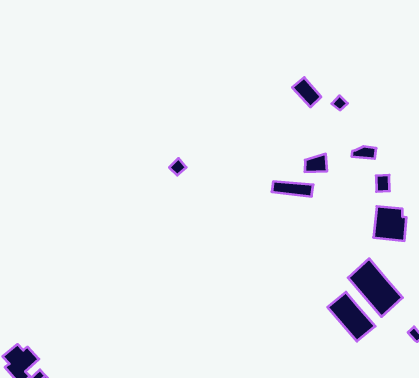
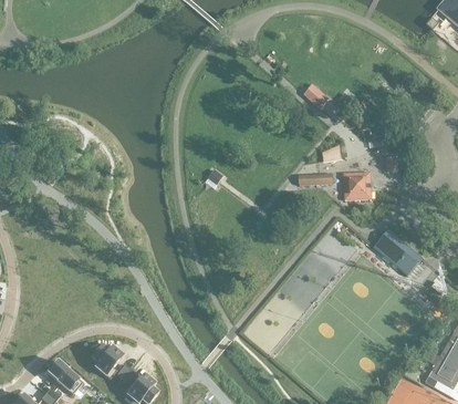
building: [373,206,406,241] -> [342,172,369,199]
building: [328,292,375,341] -> none

